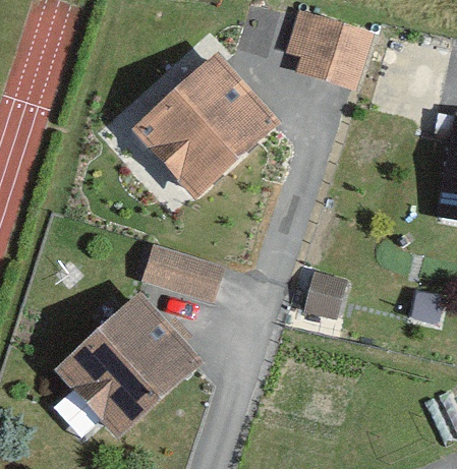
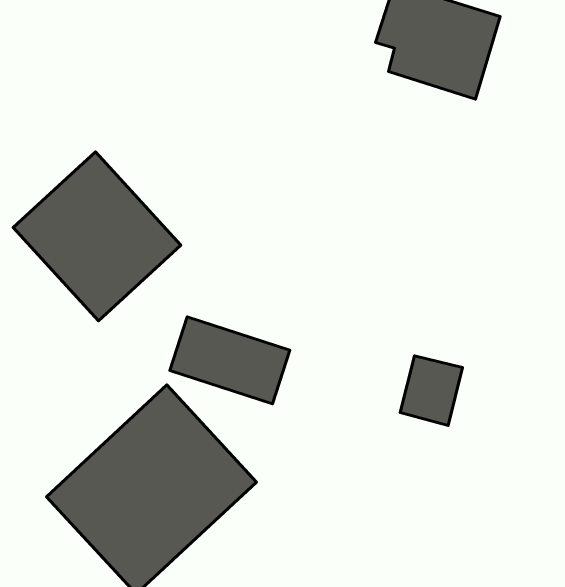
building: [130,52,279,198] -> none
building: none -> [13,152,181,321]

